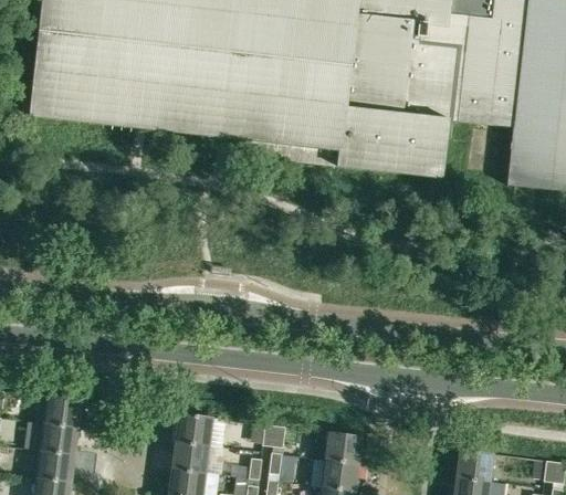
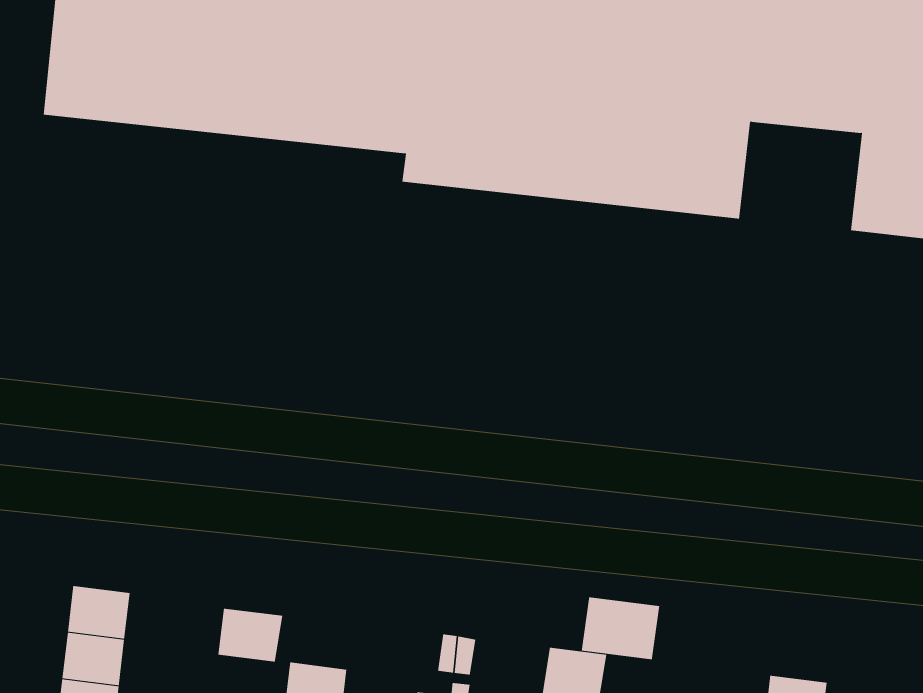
building: none -> [581,596,660,660]
building: [176,412,214,444] -> [218,608,283,662]

